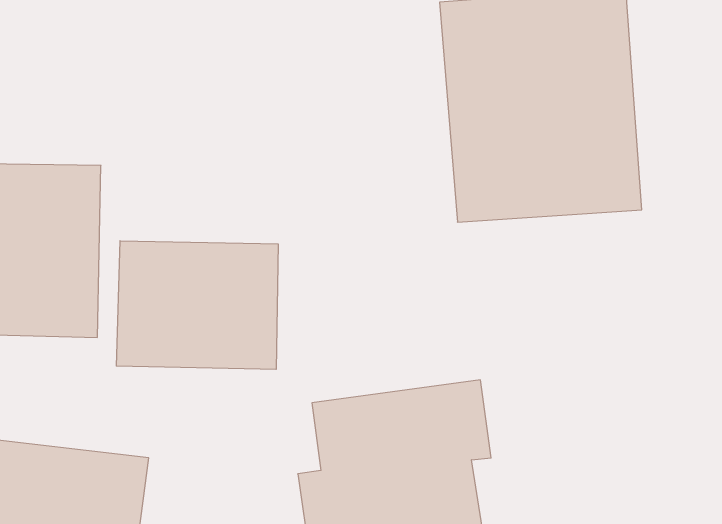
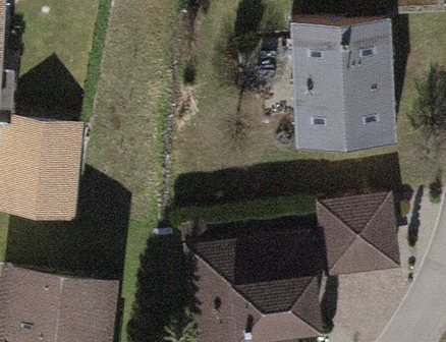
building: [116,241,278,369] -> none
building: none -> [316,190,400,275]

